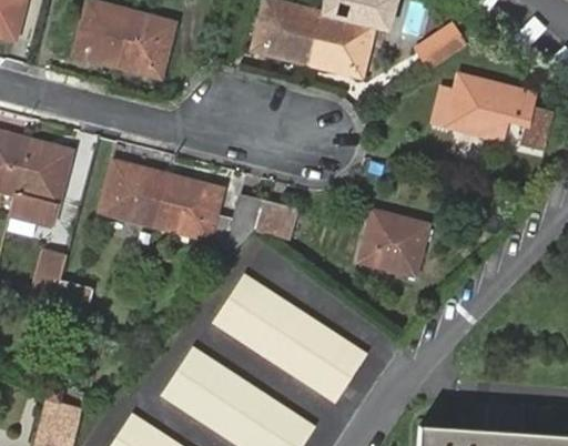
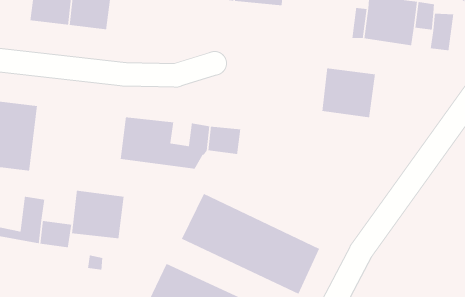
building: [102,162,168,224] -> [71,190,124,239]
building: [361,211,427,274] -> [322,68,376,118]

